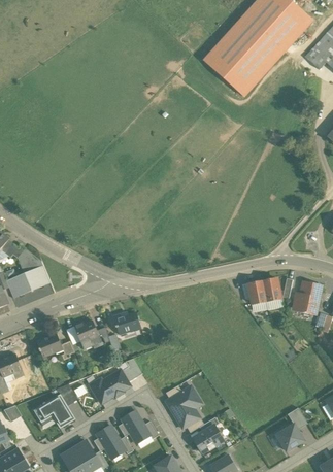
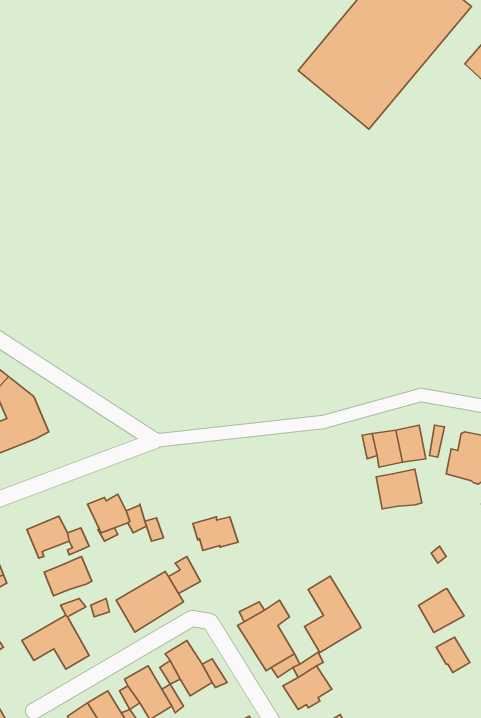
building: none -> [376,469,422,509]
building: [112,312,140,333] -> [193,517,238,550]
building: none -> [44,556,92,596]
building: none -> [305,576,361,652]
building: [276,424,304,450] -> [419,589,464,633]

